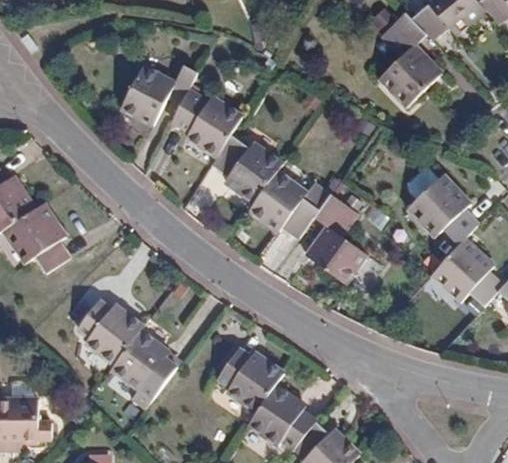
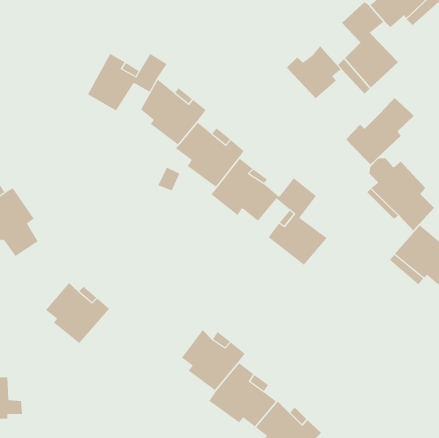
building: none -> [286,45,341,99]
building: none -> [345,97,415,165]
building: [110,329,176,393] -> none

